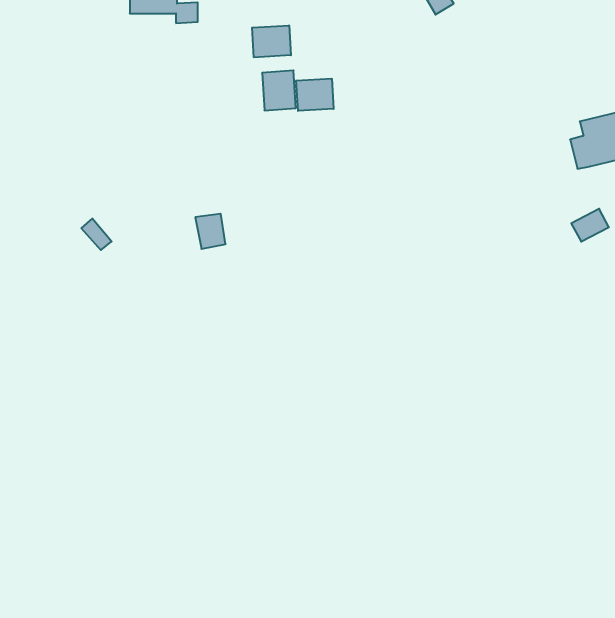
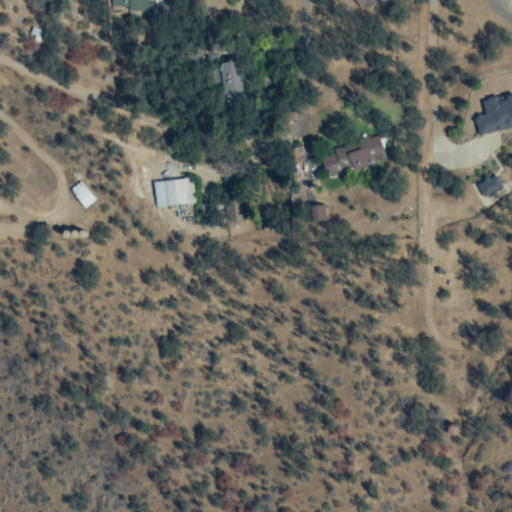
building: [252,25,291,57] -> none
building: [296,79,334,111] -> none
building: none -> [319,131,389,184]

